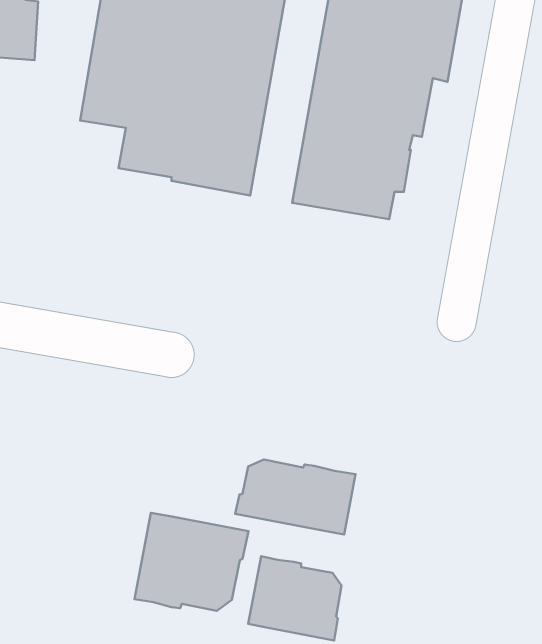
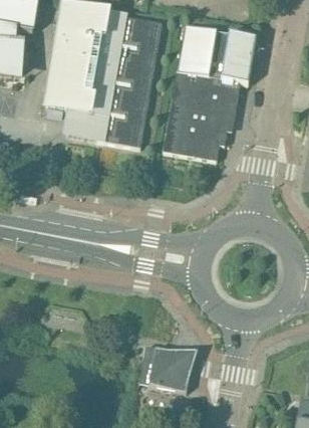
building: [235,460,355,534] -> none
building: [135,513,248,611] -> none

